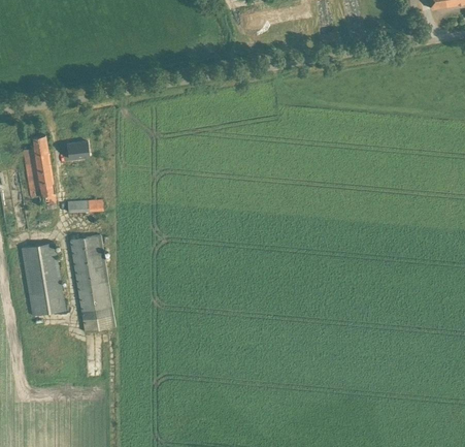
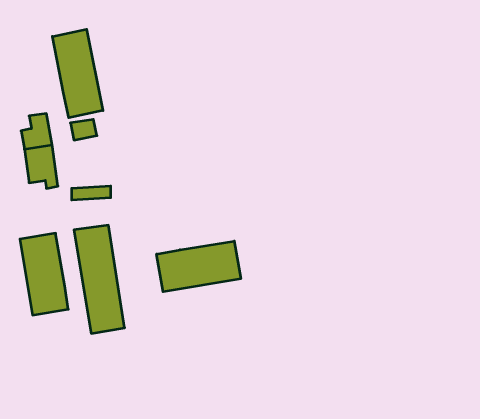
building: none -> [52,29,103,118]
building: none -> [157,241,241,292]

